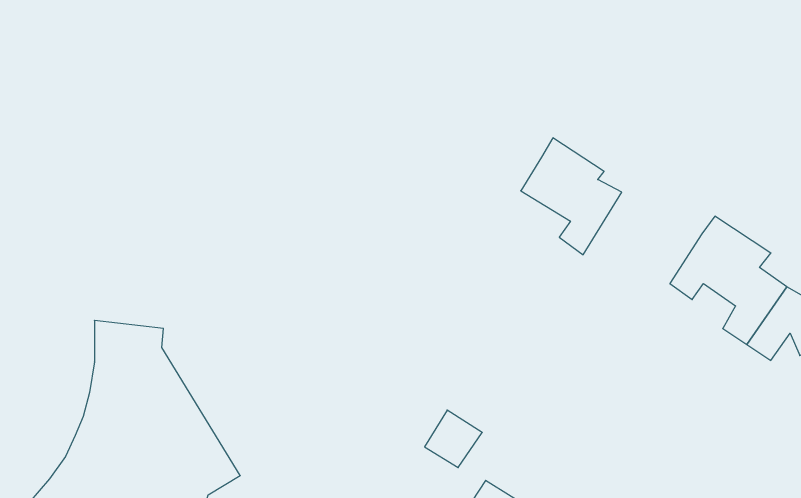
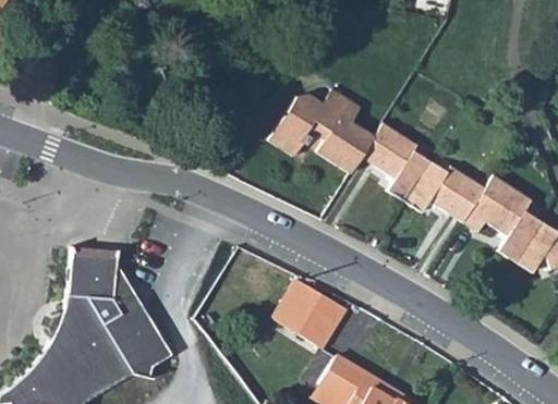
building: none -> [270,91,376,175]
building: none -> [404,160,485,222]
building: none -> [275,279,344,333]

